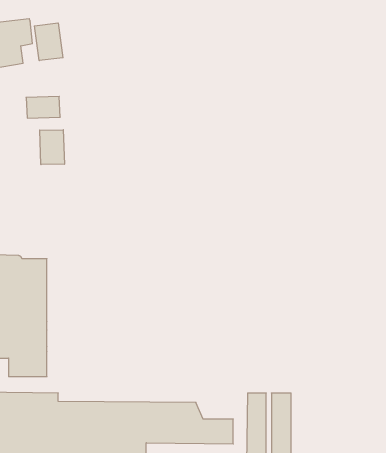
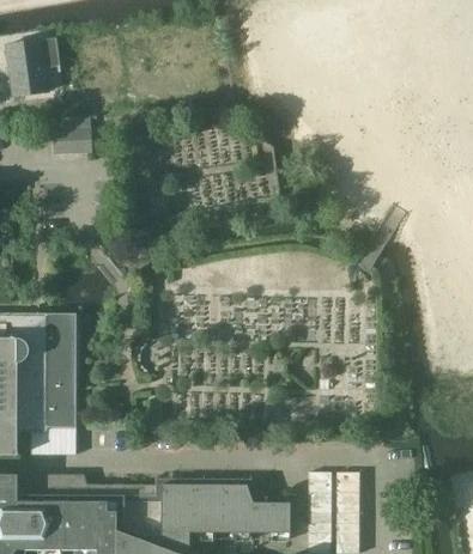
building: [34,23,63,61] -> none
building: [40,130,64,165] -> none

